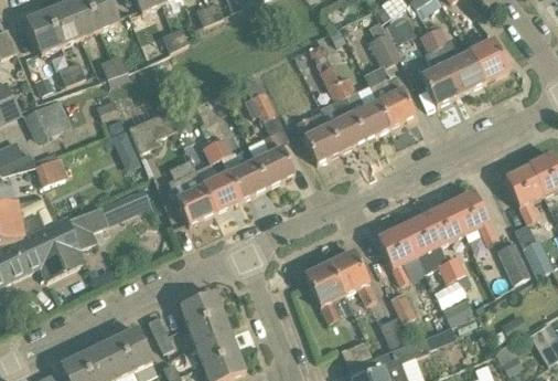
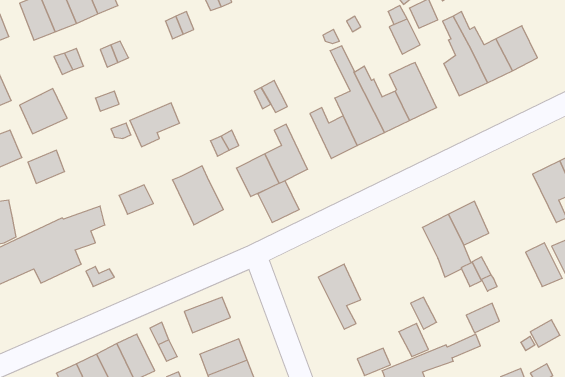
building: [203,172,242,211] -> [258,181,299,222]
building: [450,192,496,242] -> none
building: [377,227,416,284] -> none
building: [329,251,376,305] -> none
building: [187,311,230,346] -> none

